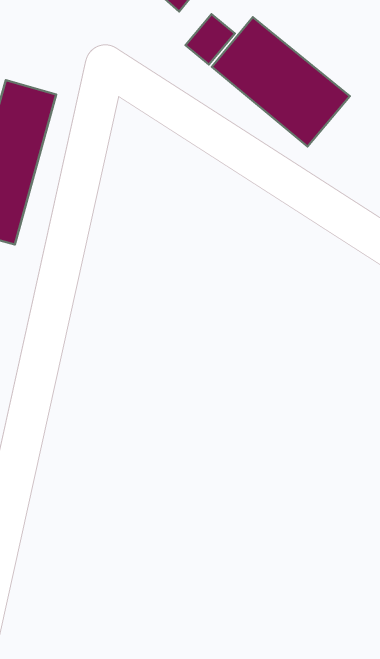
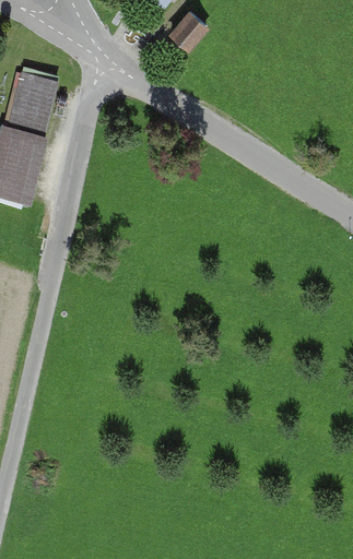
building: [212,17,350,147] -> none

